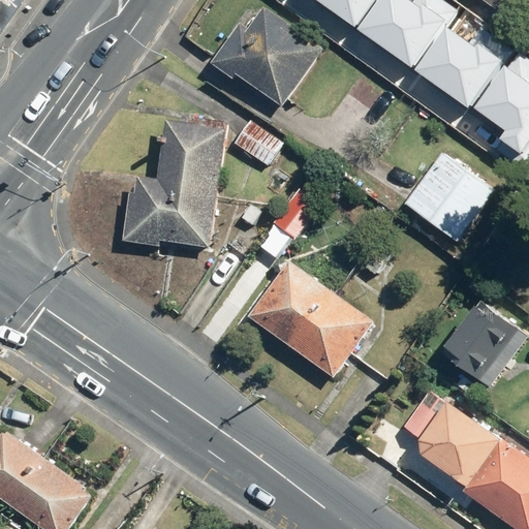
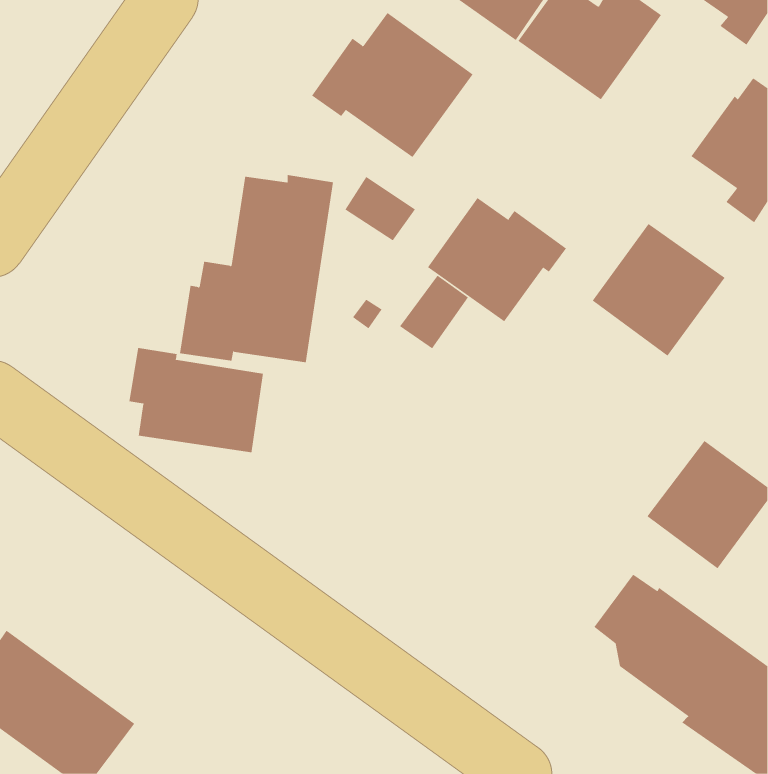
building: [410,27,499,110] -> none
building: none -> [427,197,567,322]
building: none -> [129,347,263,453]
building: [248,260,374,377] -> none

